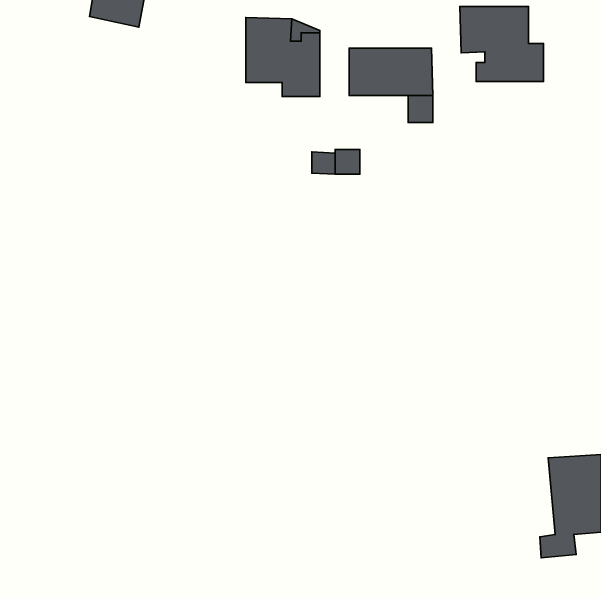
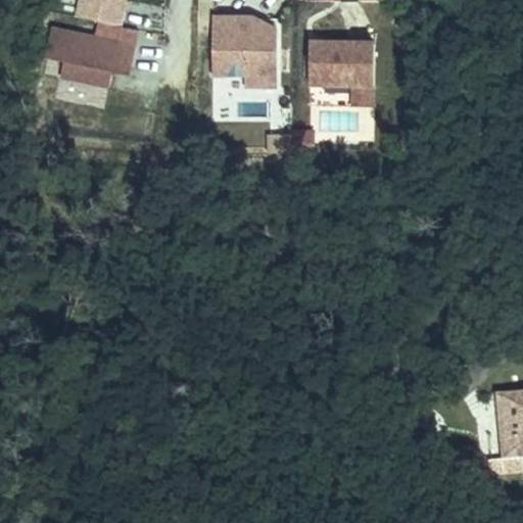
building: [460,7,543,81] -> none
building: none -> [48,26,136,84]

